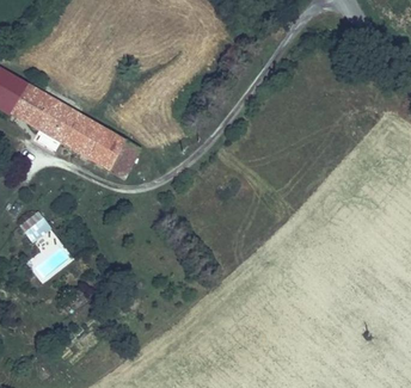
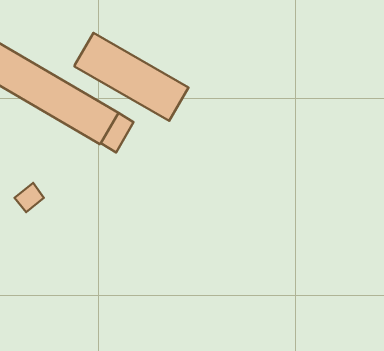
building: none -> [74,33,188,121]

